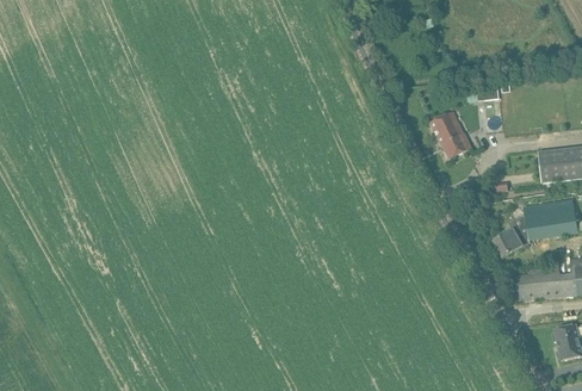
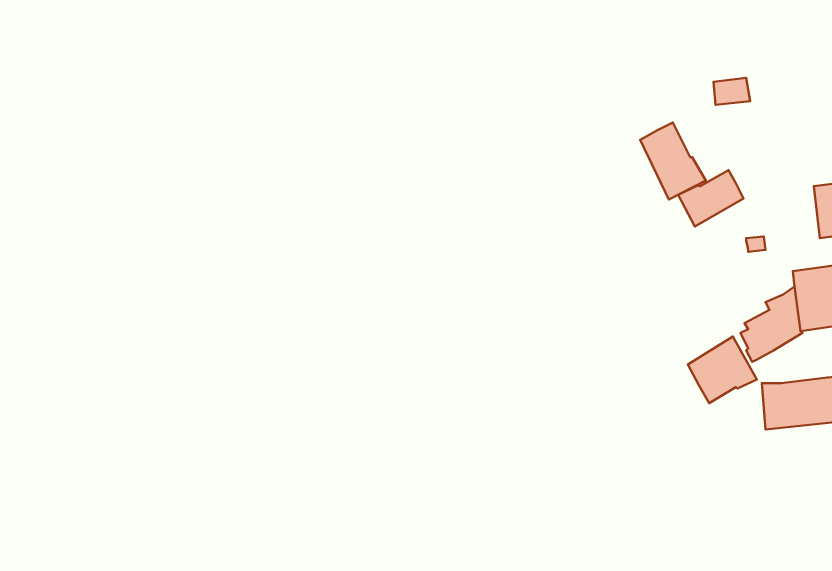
building: none -> [678,170,743,226]
building: none -> [688,336,757,403]

